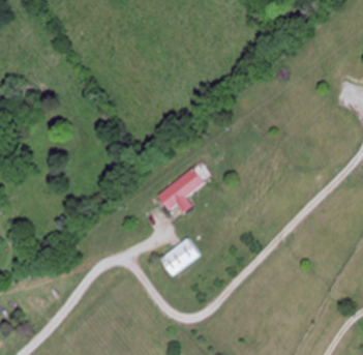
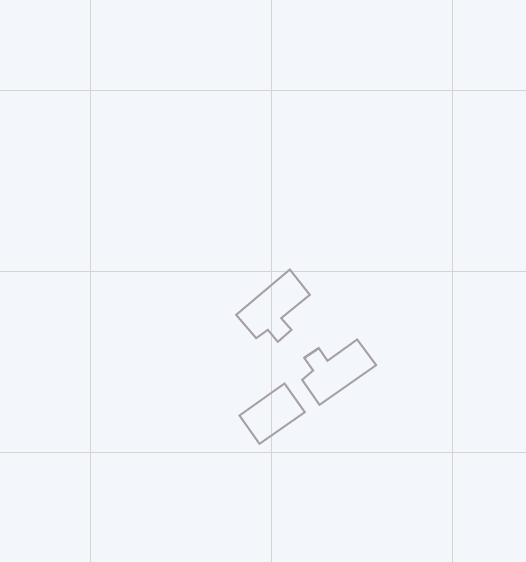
building: none -> [302,339,376,405]

